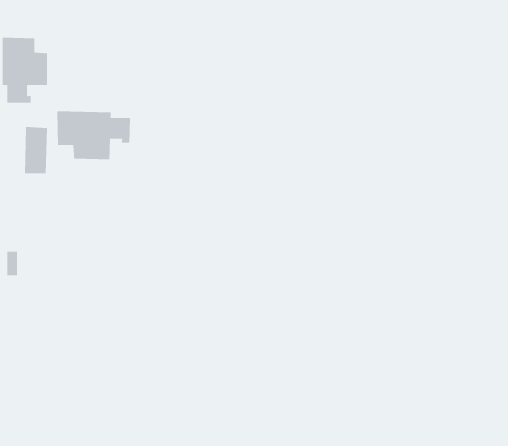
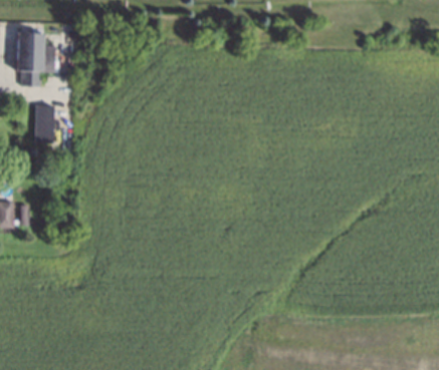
building: [57,110,130,160] -> none

